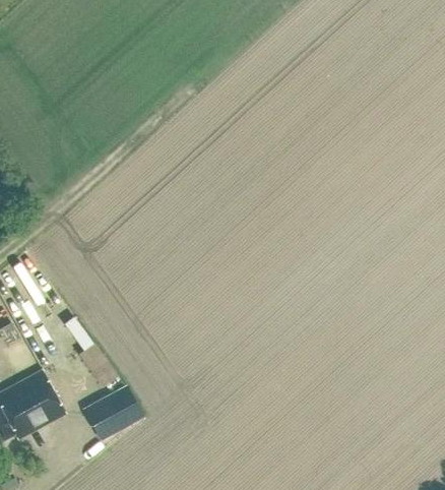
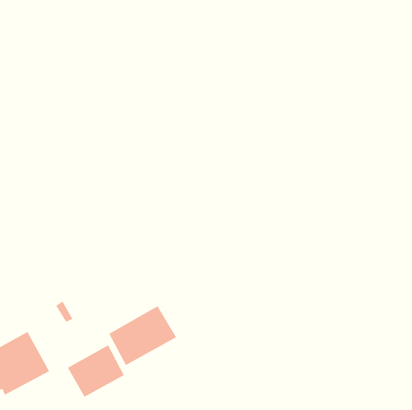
building: none -> [108,305,177,366]

